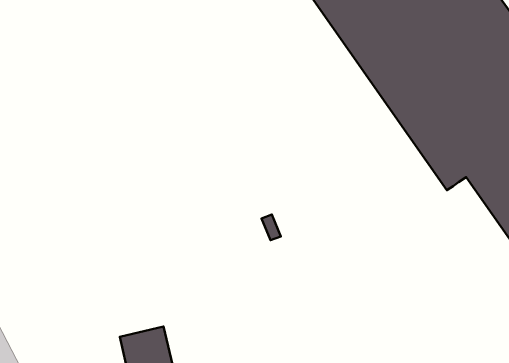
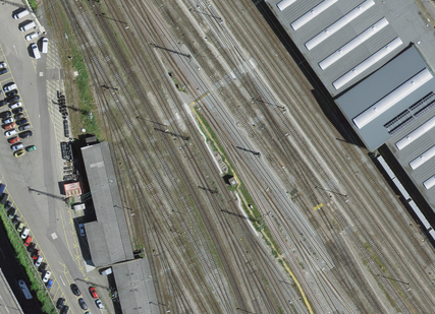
building: none -> [79,142,134,269]

